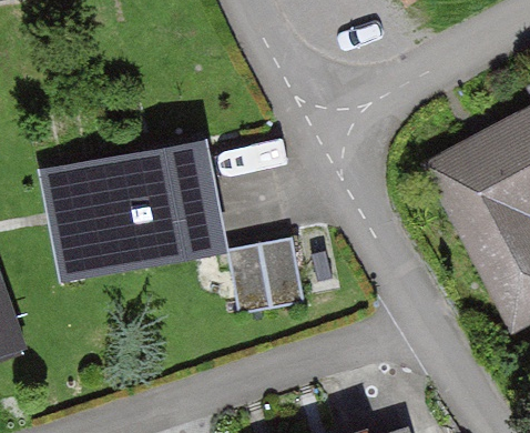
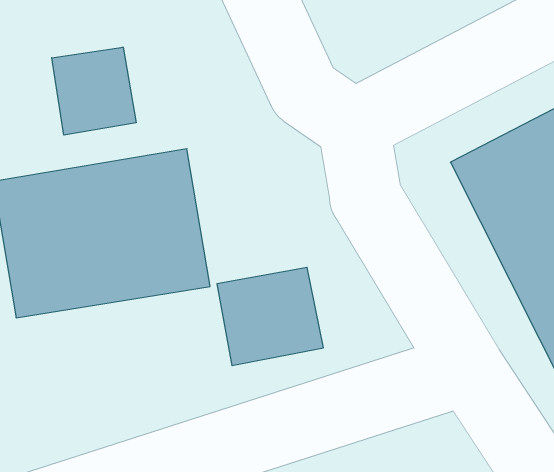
building: none -> [52,47,136,135]

